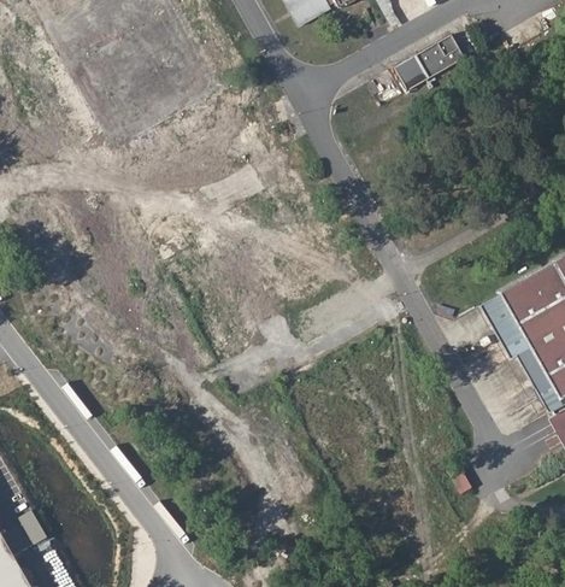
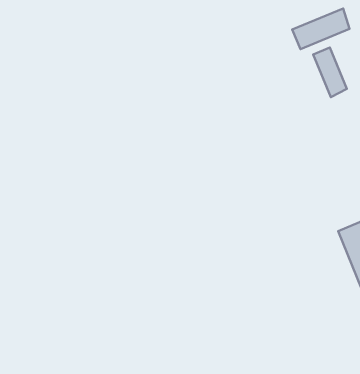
building: none -> [313,48,347,97]

